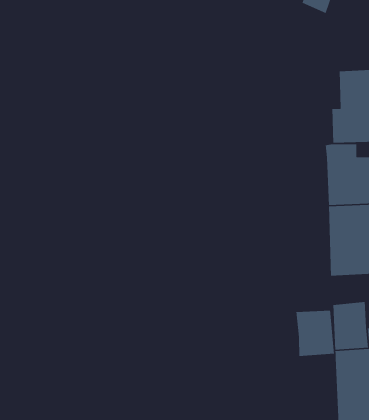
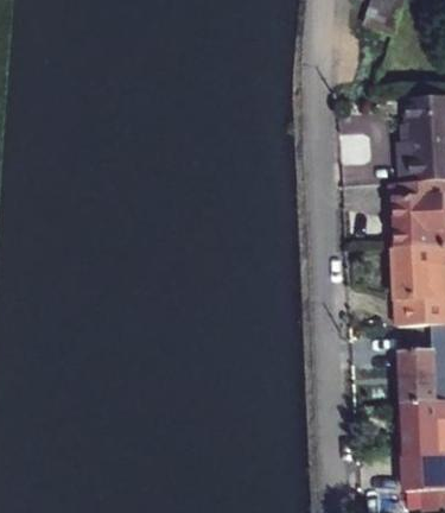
building: [296,310,335,357] -> none

